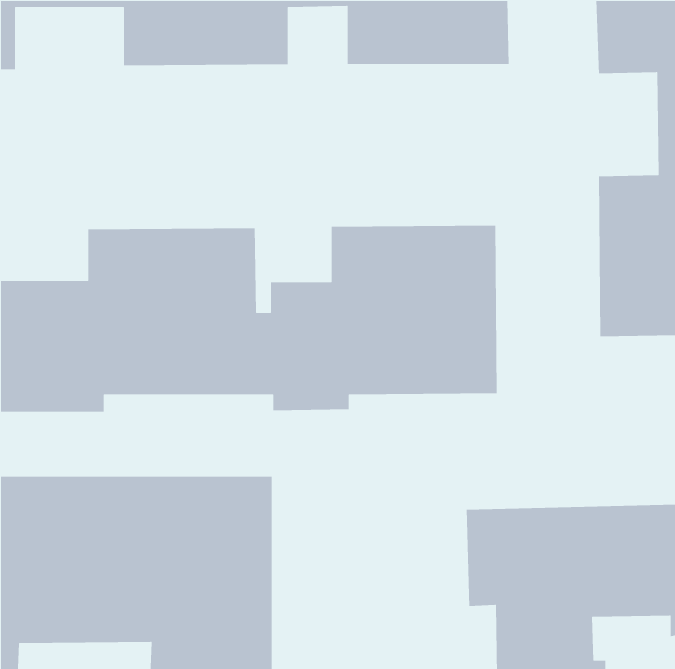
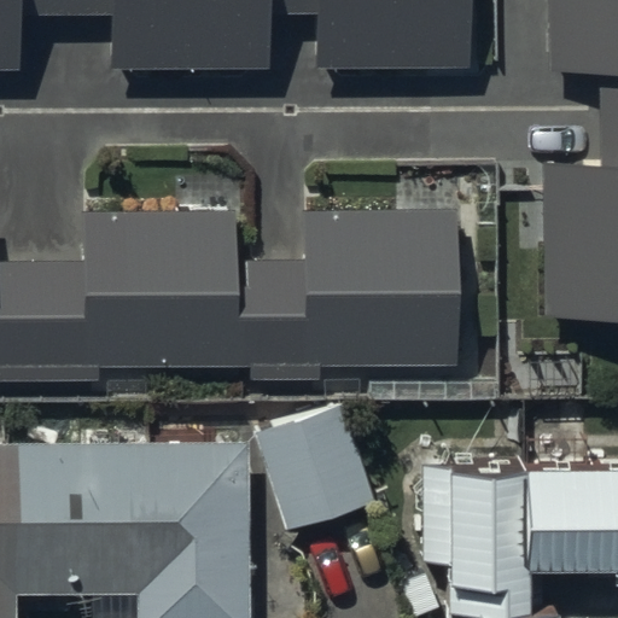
building: none -> [253,406,372,529]

